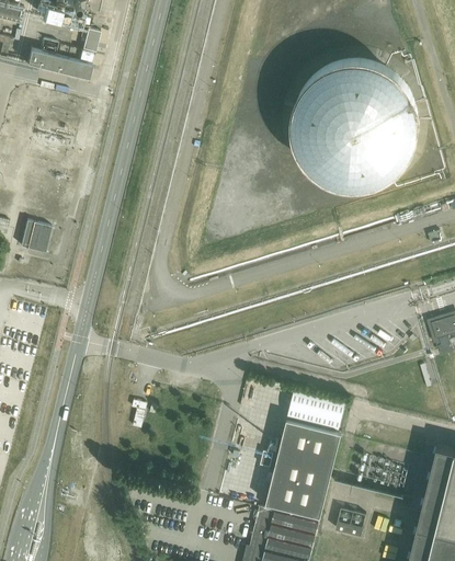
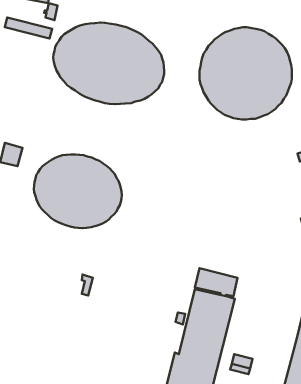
building: none -> [53,23,164,104]
building: none -> [34,154,122,228]

